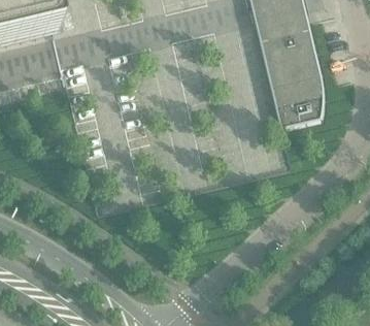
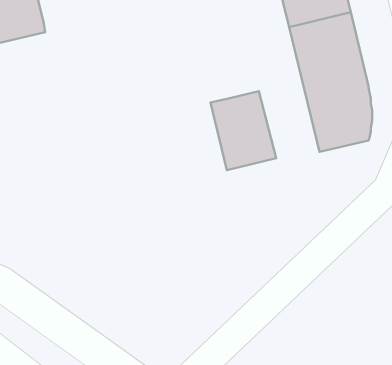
building: none -> [211,91,276,170]

